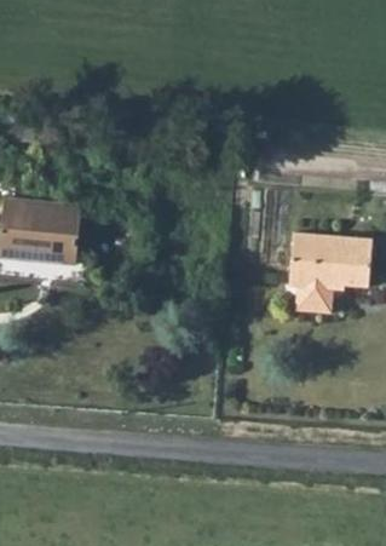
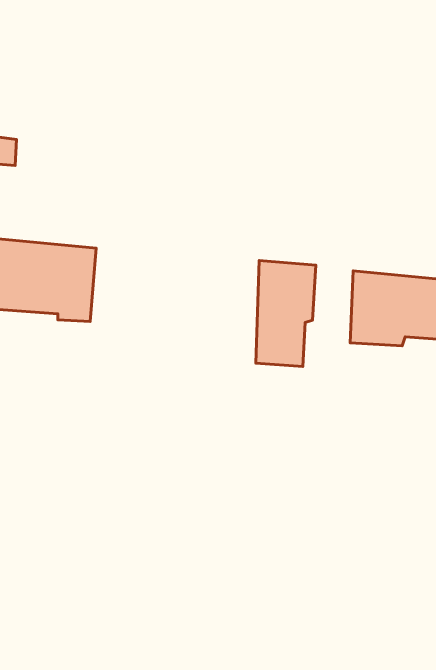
building: none -> [256,260,316,367]

